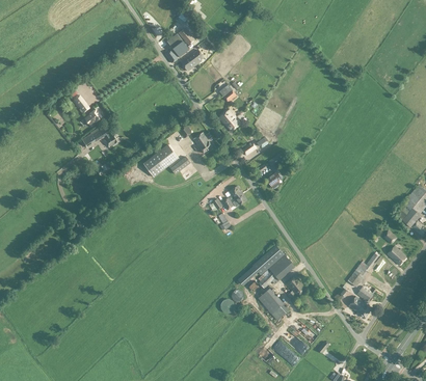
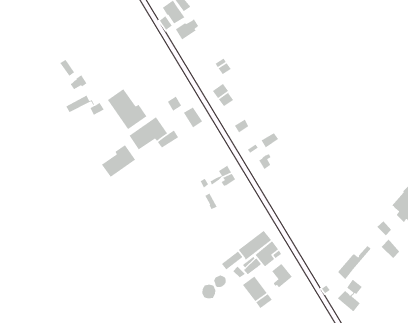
building: none -> [107,88,147,130]
building: none -> [101,144,136,178]

